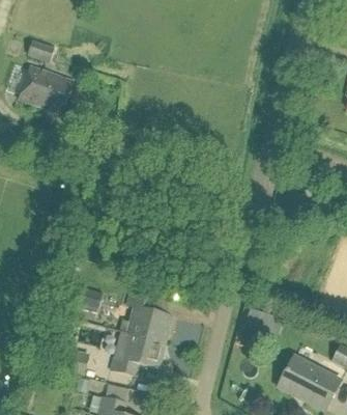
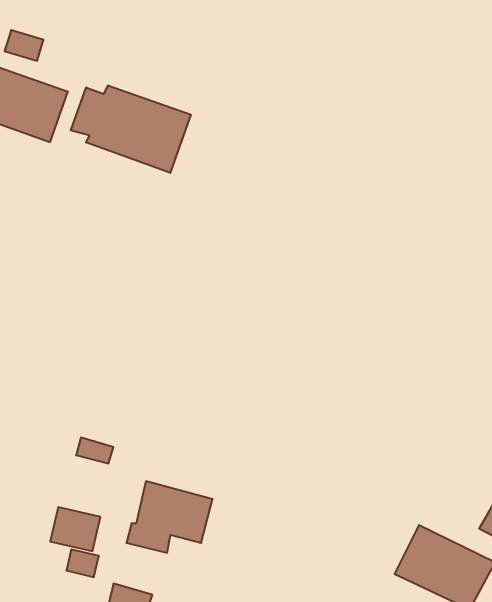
building: none -> [71,85,191,173]
building: [120,292,169,340] -> none

